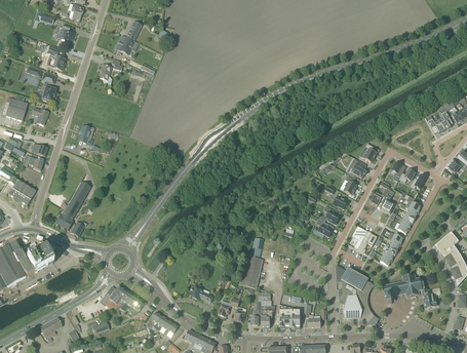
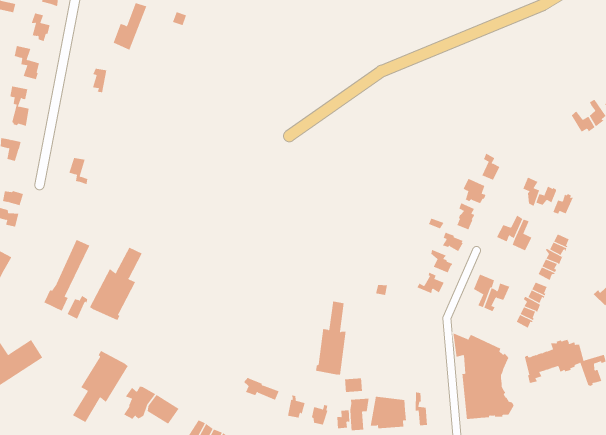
building: none -> [89,247,142,321]
building: none -> [72,350,128,423]

